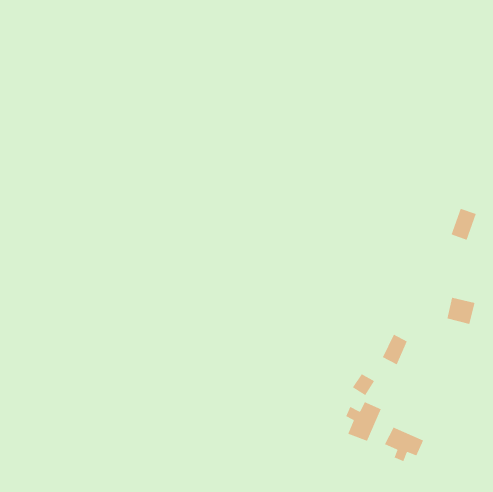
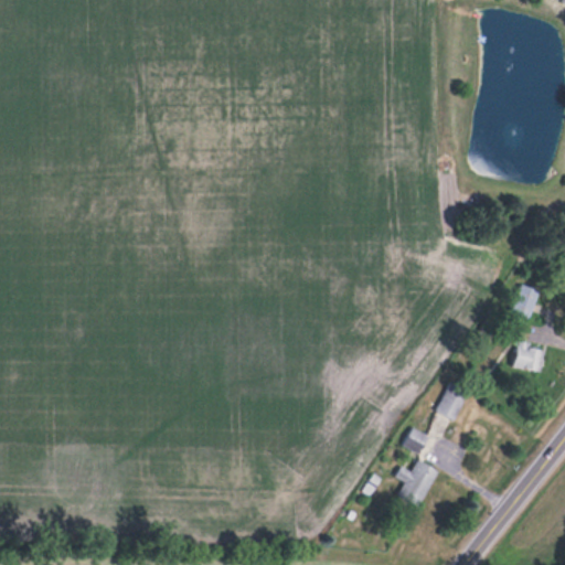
building: [451,208,477,241] -> [510,285,540,322]
building: [384,426,424,462] -> none

